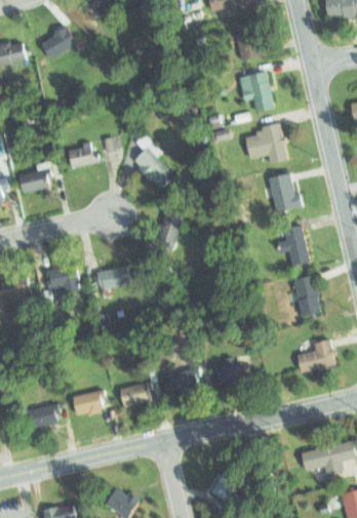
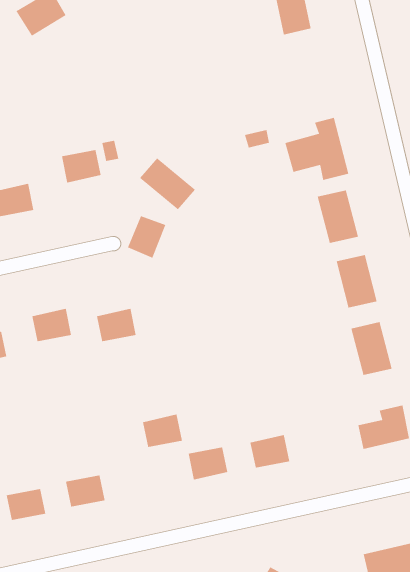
building: [240,72,276,116] -> none
building: [155,216,185,249] -> [127,215,166,258]
building: [120,382,151,407] -> [142,414,183,448]

